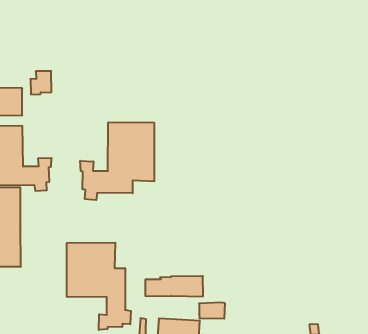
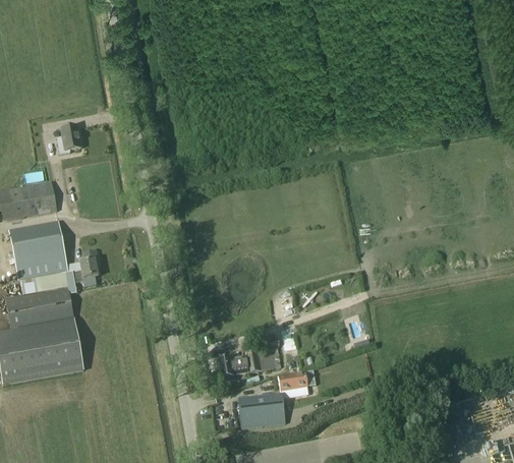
building: [30,71,51,94] -> [56,126,80,155]
building: [80,122,154,200] -> none
building: [67,243,131,330] -> none

